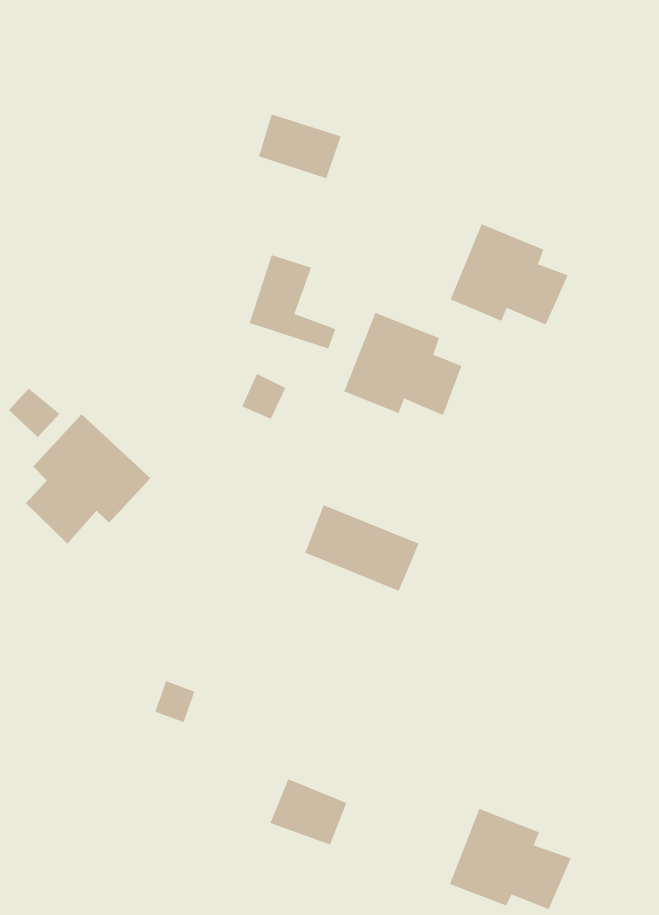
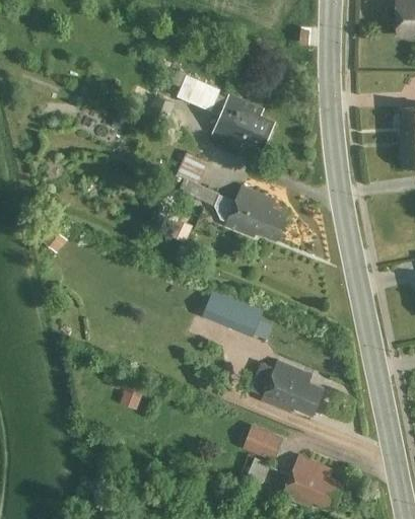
building: [450,223,568,325] -> [211,93,276,149]
building: [25,414,151,544] -> none
building: none -> [260,361,325,415]
building: [269,779,347,845] -> [240,424,283,460]

